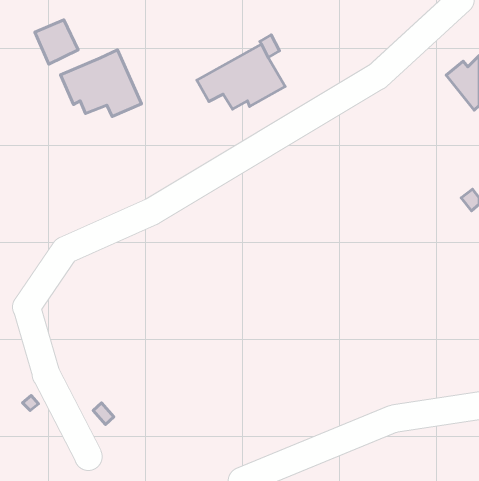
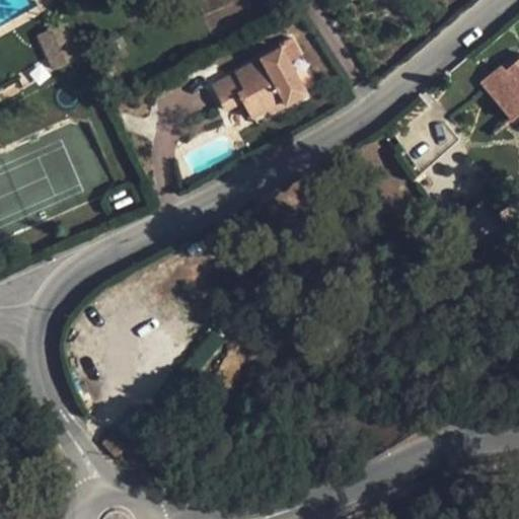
building: [61,50,141,117] -> none

